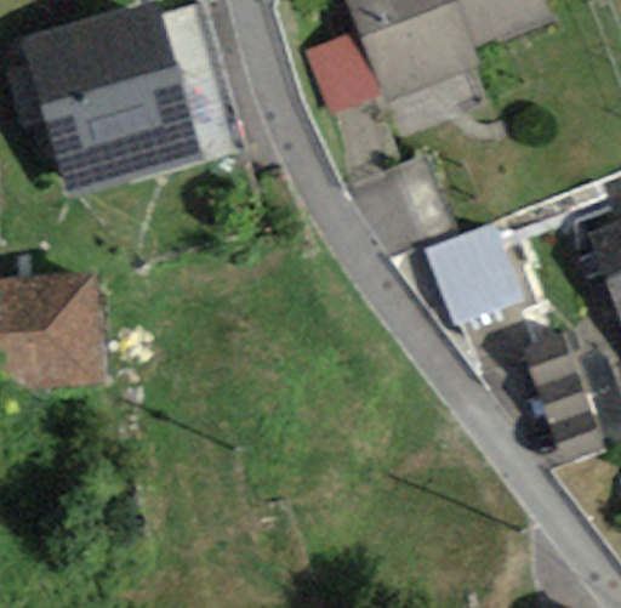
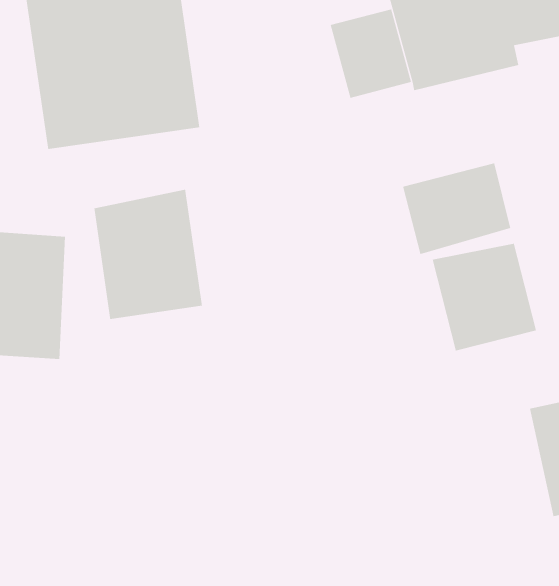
building: none -> [403,163,511,255]
building: none -> [94,189,202,320]

